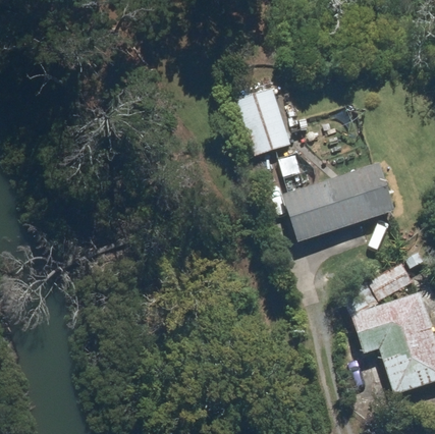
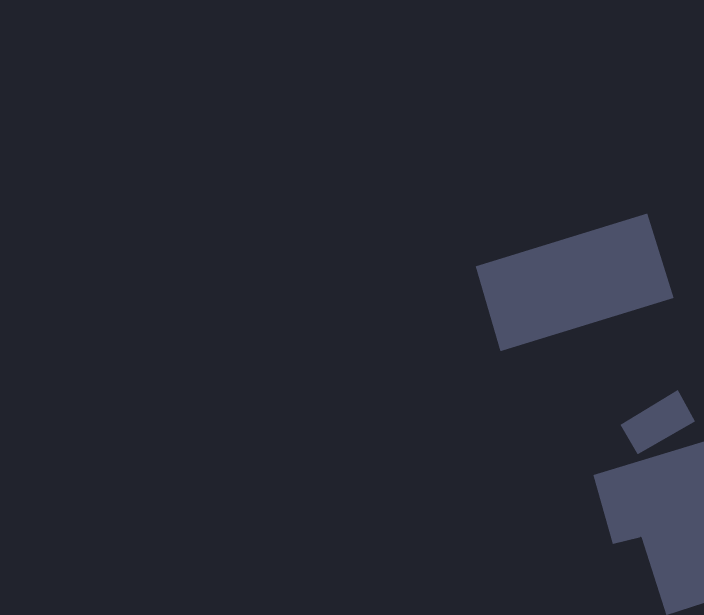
building: [237,87,289,153] -> none

